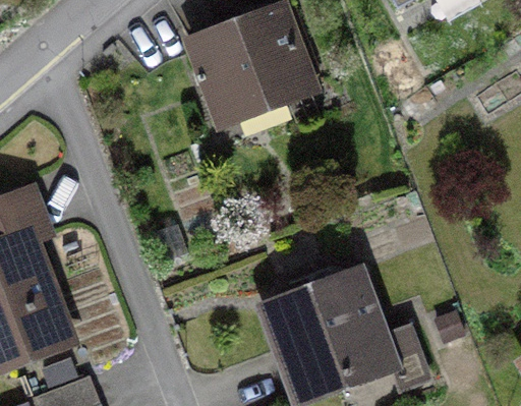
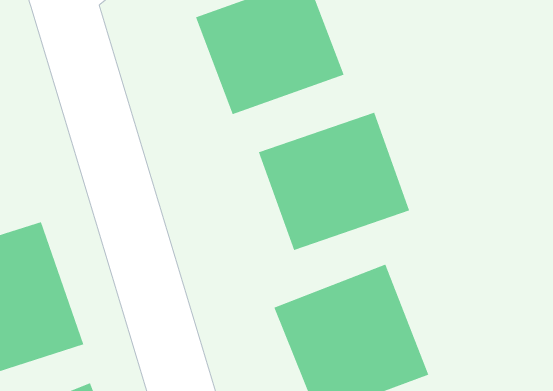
building: none -> [258,112,410,251]

